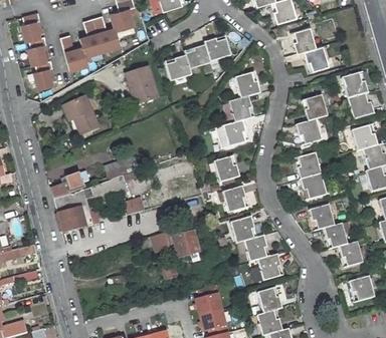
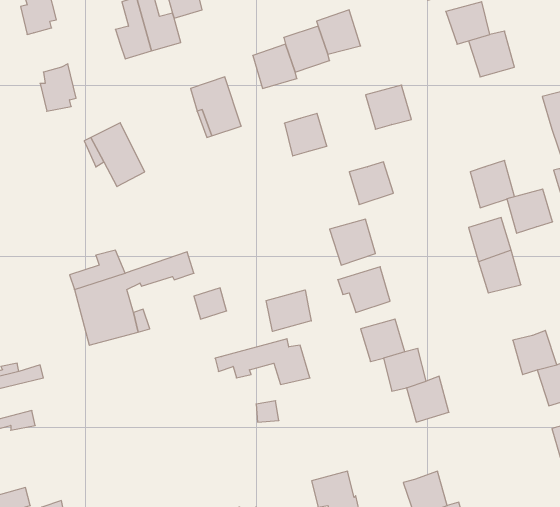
building: [59,34,86,70] -> none
building: [26,36,48,65] -> none
building: [300,95,328,122] -> [507,189,553,233]
building: [228,96,254,122] -> [284,113,327,156]
building: none -> [266,290,311,331]
building: [308,205,335,232] -> none
building: [194,285,221,315] -> none
building: [256,286,283,314] -> none

